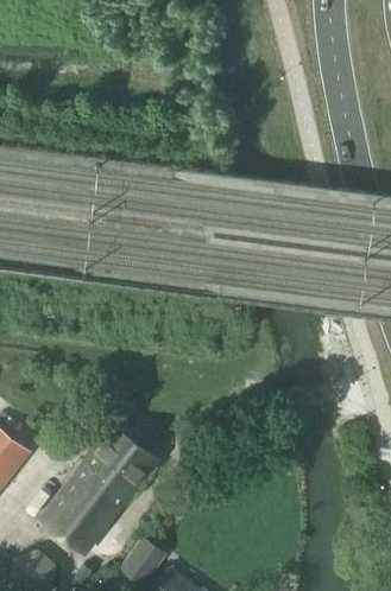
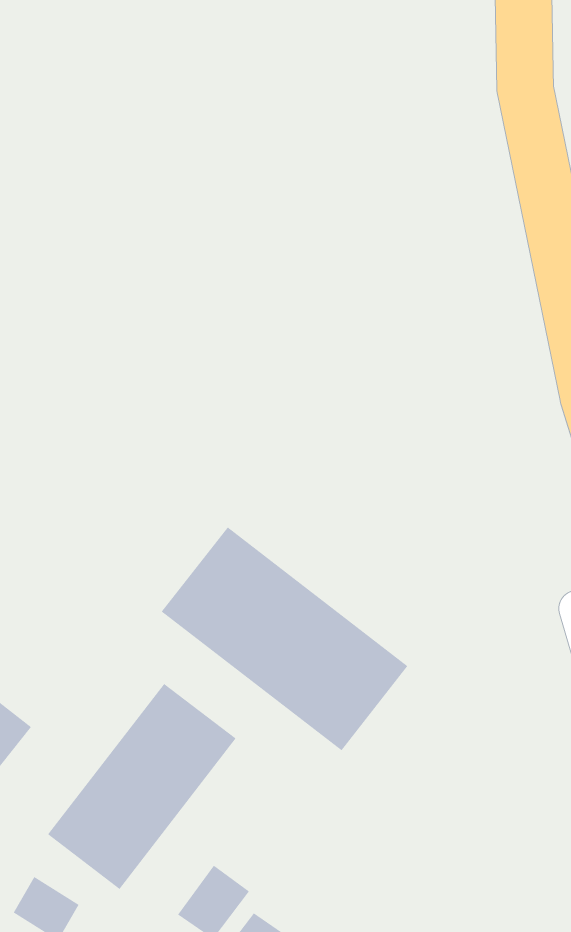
building: none -> [161,526,408,751]

